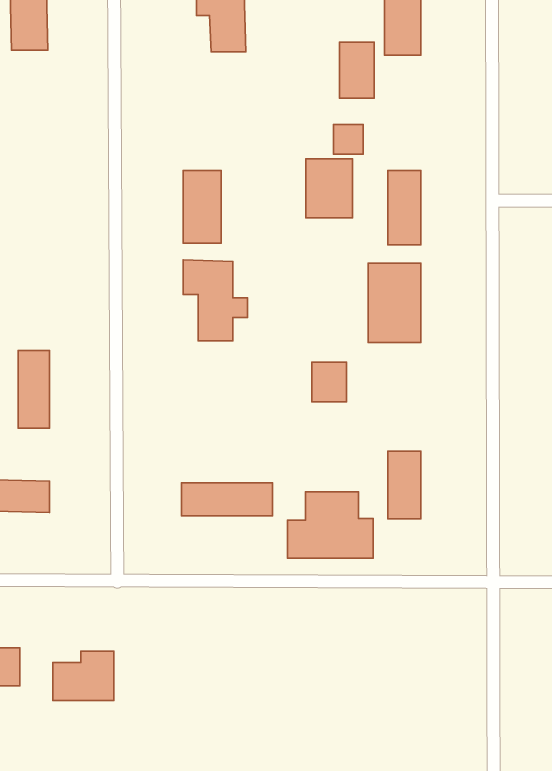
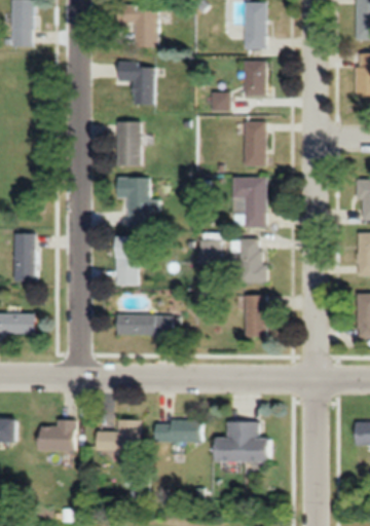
building: [339,42,374,98] -> [244,61,265,96]
building: none -> [117,63,154,105]
building: [306,159,353,218] -> none
building: none -> [116,237,138,287]
building: none -> [240,239,265,284]
building: [287,492,373,558] -> [215,421,268,462]
building: none -> [98,420,139,451]
building: none -> [155,421,201,444]

